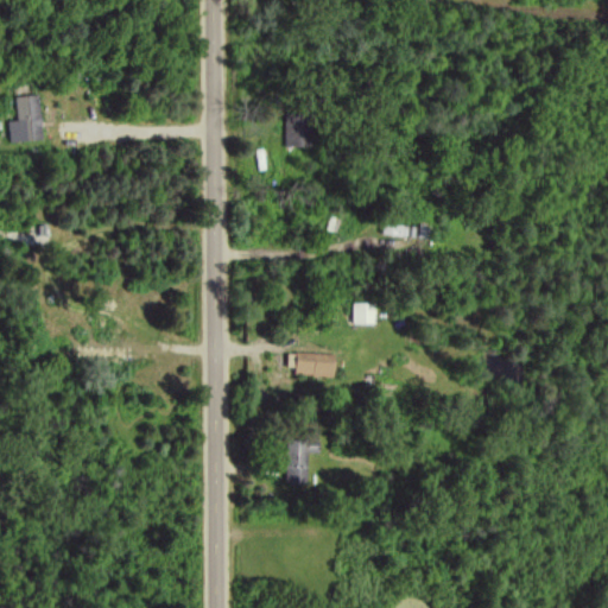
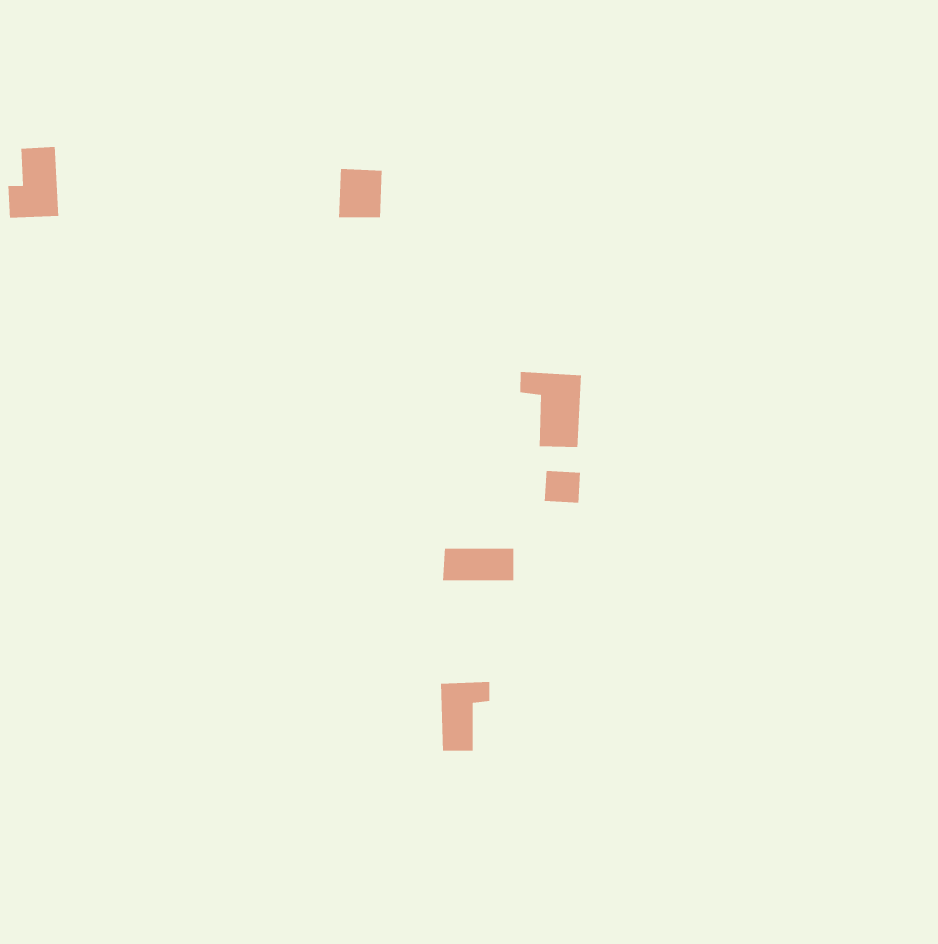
building: [286,114,315,146] -> [338,168,383,218]
building: none -> [519,371,582,448]

